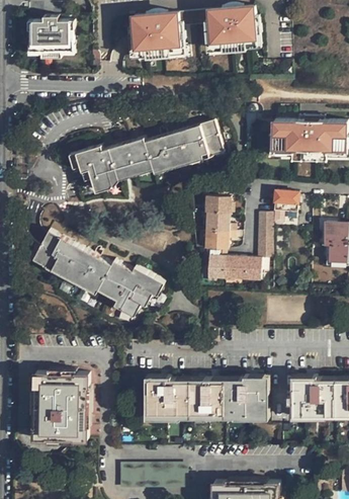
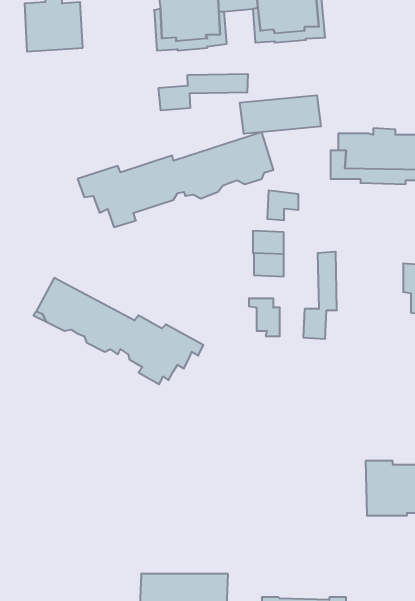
building: none -> [159,74,248,110]
building: none -> [240,95,321,134]
building: [273,189,297,213] -> [267,190,298,220]
building: [207,231,231,249] -> none
building: [228,256,247,280] -> none
building: [33,372,88,440] -> none
building: [150,376,265,419] -> none

